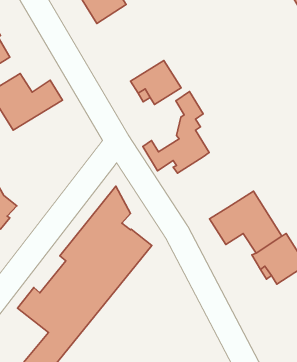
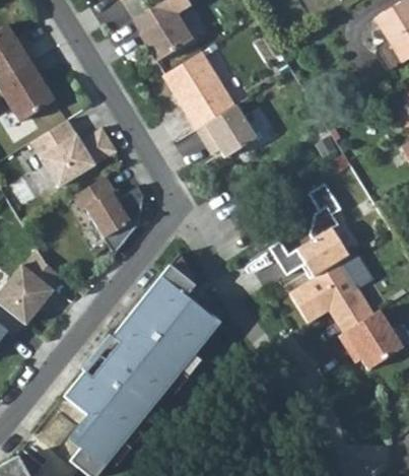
building: none -> [162,51,234,129]
building: [143,92,209,173] -> [270,182,348,278]
building: none -> [72,176,143,254]

